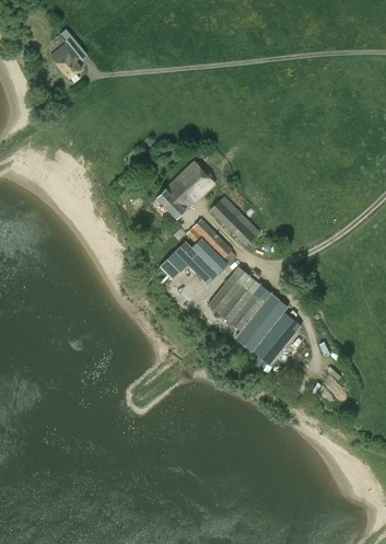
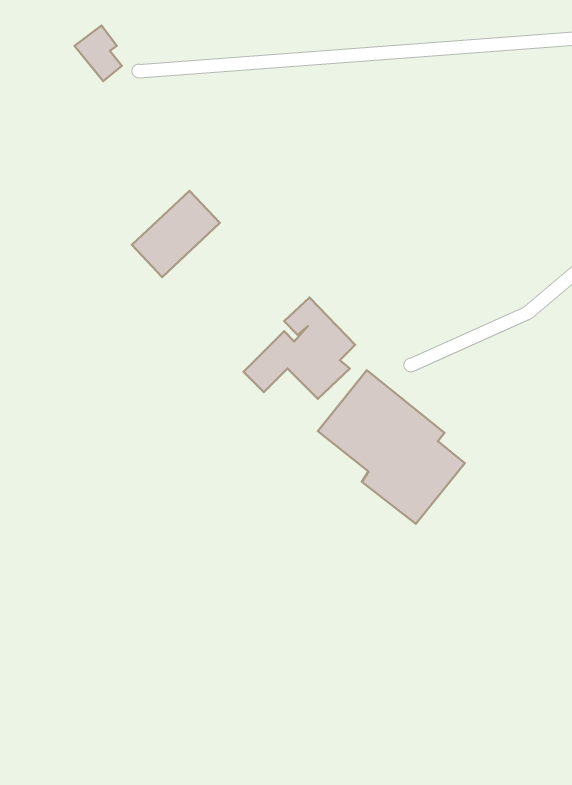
building: [155,162,212,218] -> [132,191,220,277]
building: [208,197,258,246] -> none

